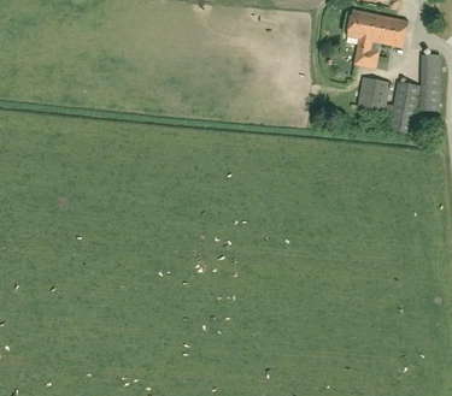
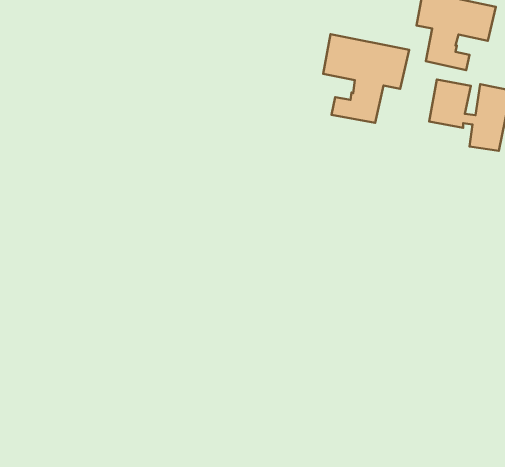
building: none -> [323,34,409,123]

